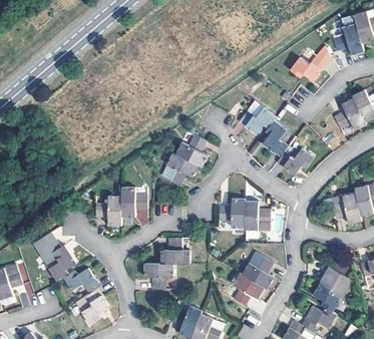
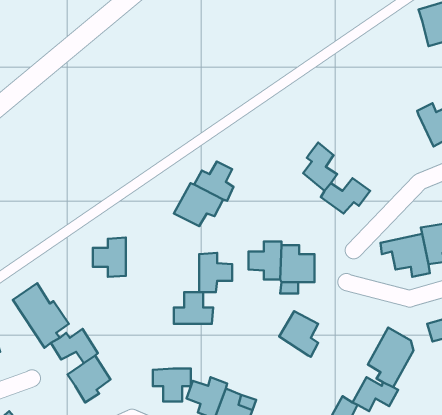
building: [332,23,364,56] -> none
building: [288,45,331,81] -> none
building: [334,97,366,130] -> none
building: [238,100,276,135] -> none
building: [121,187,147,218] -> [199,253,232,292]
building: [143,263,173,289] -> [153,368,191,401]
building: [227,272,266,306] -> none

